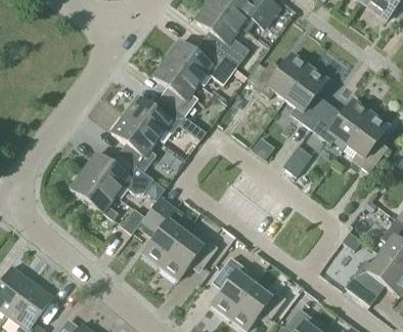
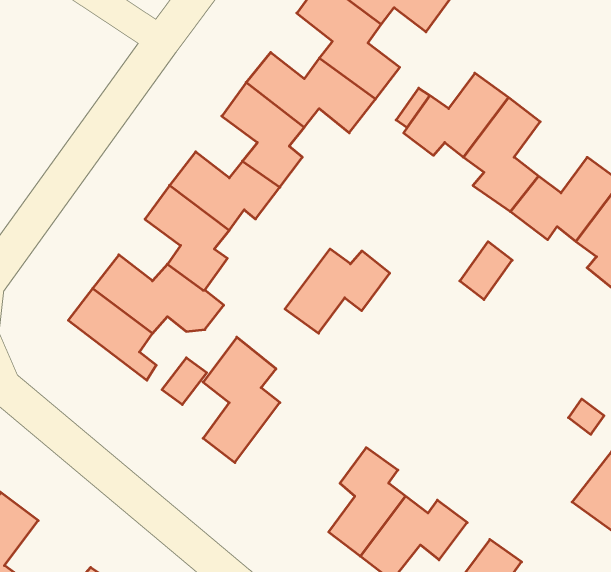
building: [161,233,218,279] -> [285,249,390,333]

